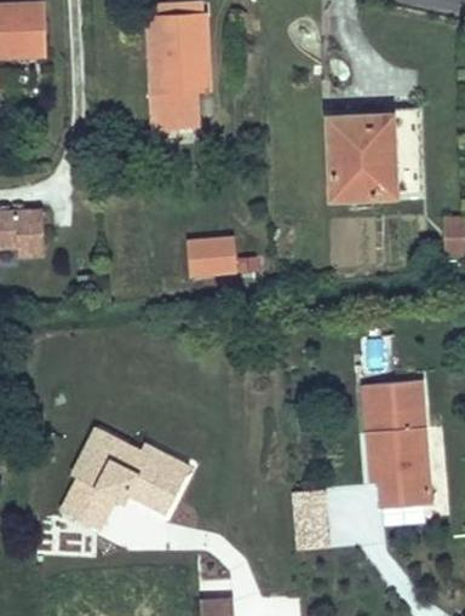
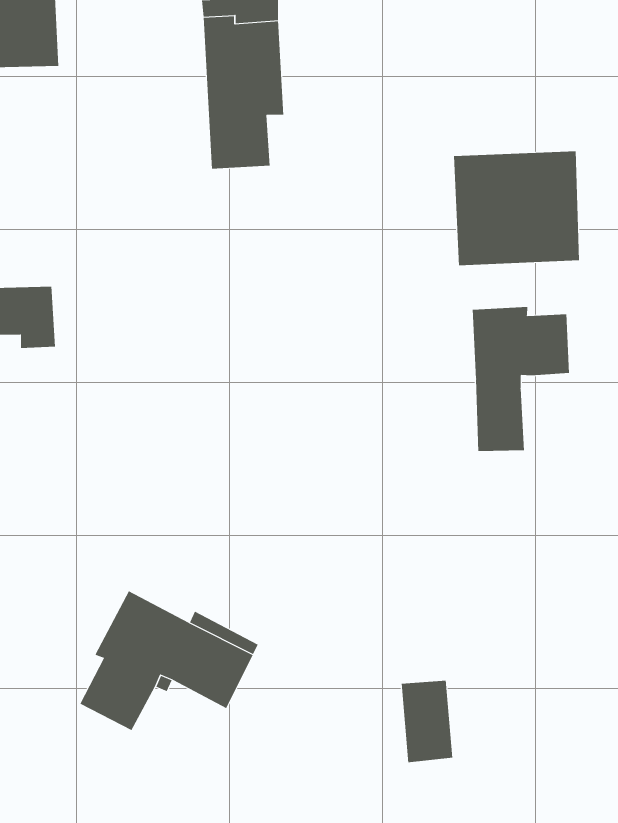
building: none -> [472,306,569,452]
building: [188,237,234,275] -> none
building: [362,380,429,508] -> none

